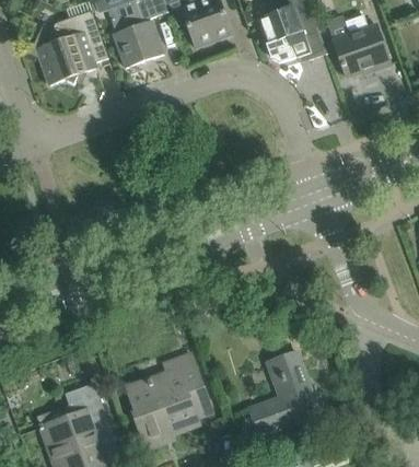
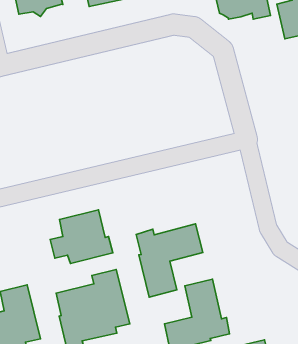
building: none -> [50,210,113,263]
building: none -> [136,224,203,297]

